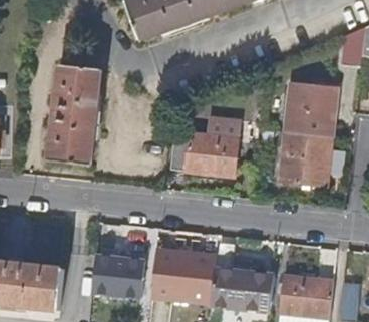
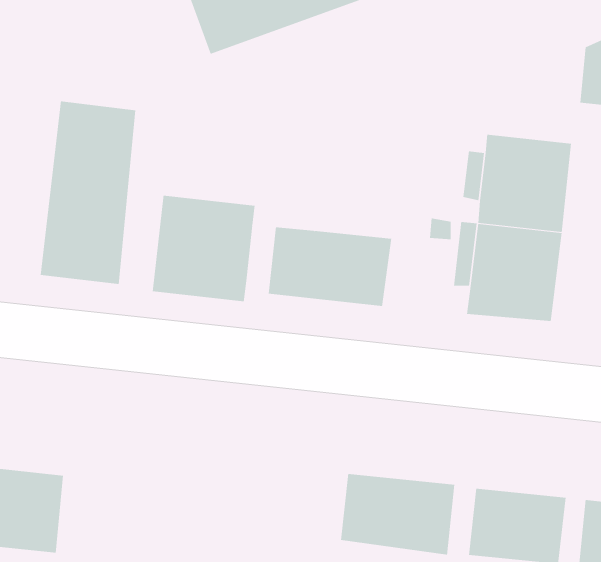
building: none -> [152,195,255,302]
building: [197,116,239,139] -> none
building: [91,254,144,295] -> none
building: [161,254,215,303] -> none

